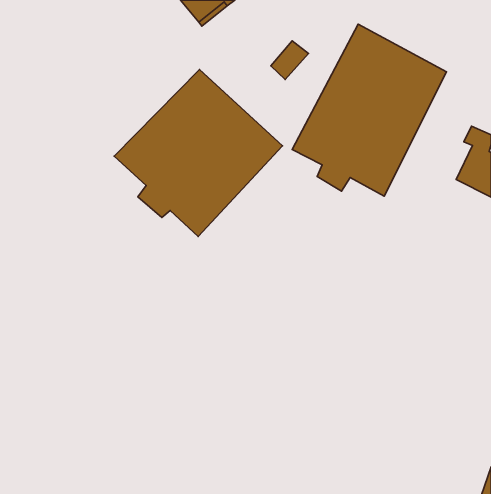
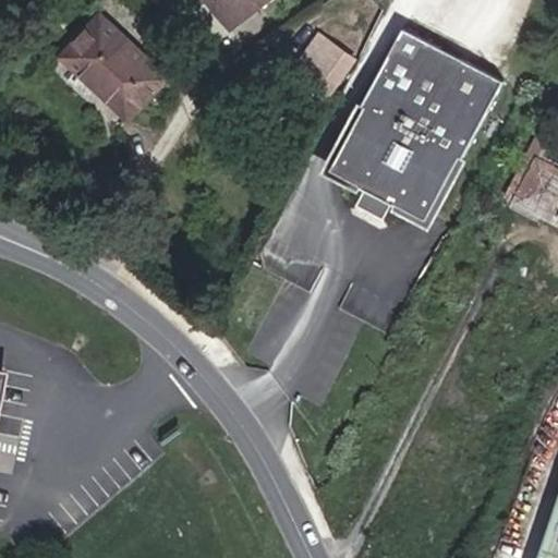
building: none -> [59,15,161,118]
building: [114,69,283,237] -> none

